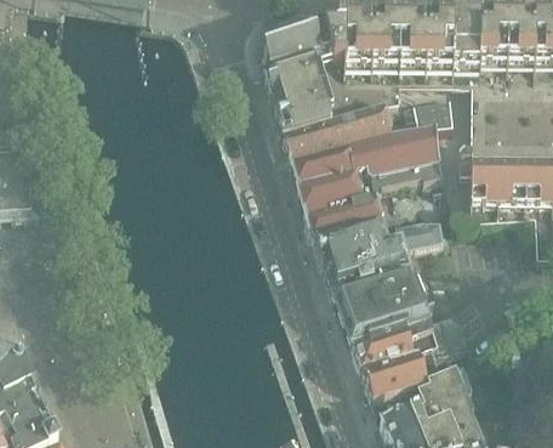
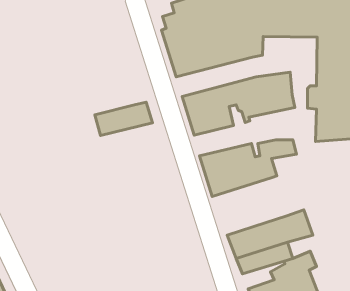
building: [285,102,456,168] -> none
building: [309,203,387,248] -> [95,102,153,135]
building: [333,277,435,355] -> none

